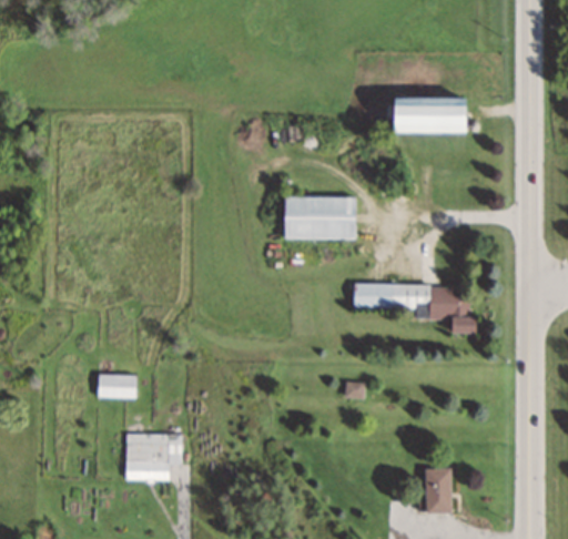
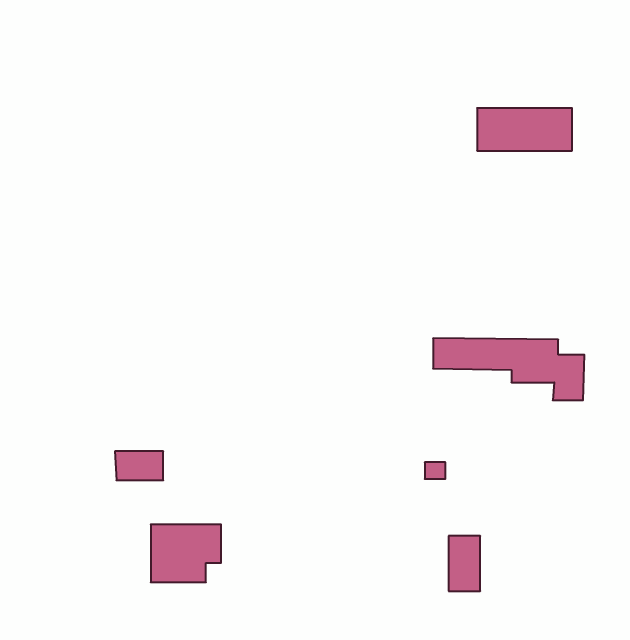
building: [283,196,358,240] -> none
building: [426,469,452,513] -> [449,536,480,591]

